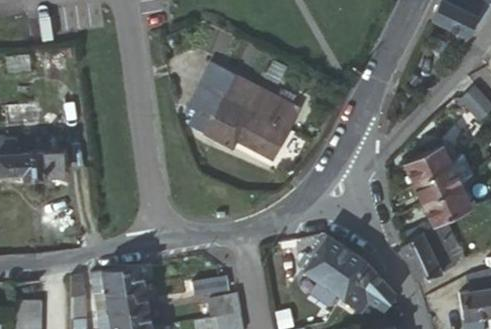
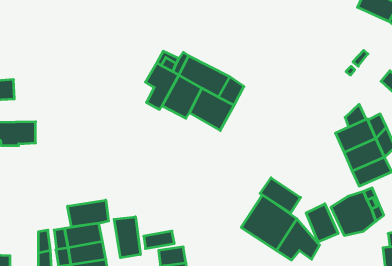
building: none -> [260,178,301,213]
building: none -> [68,200,109,227]
building: none -> [306,204,338,242]
building: none -> [114,217,140,258]

